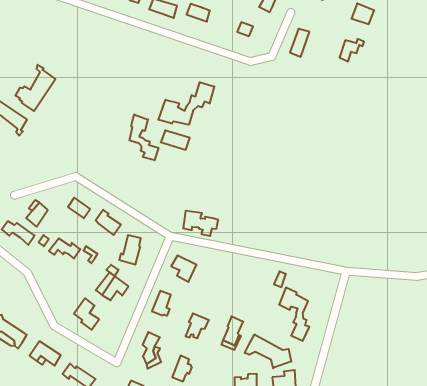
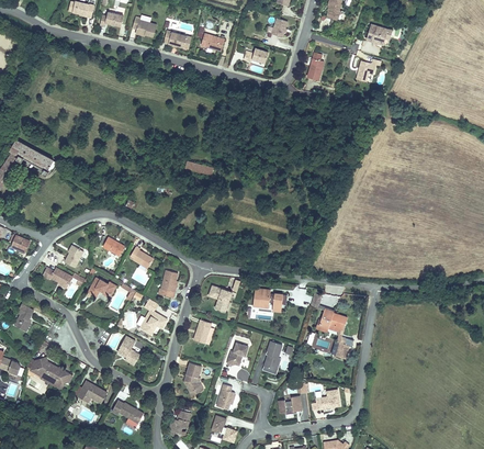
building: [15,65,55,111] -> none
building: [158,82,214,125] -> none
building: [129,114,158,160] -> none
building: [183,211,218,236] -> [252,289,286,312]
building: [245,334,291,368] -> none

